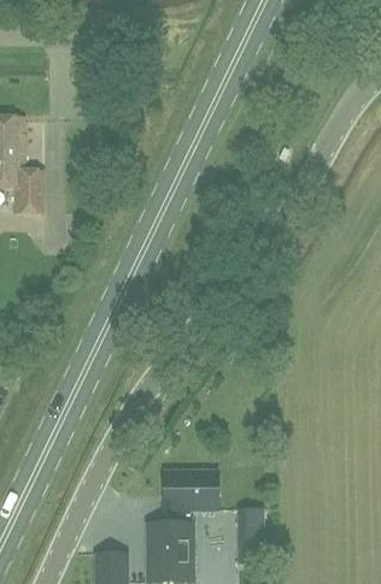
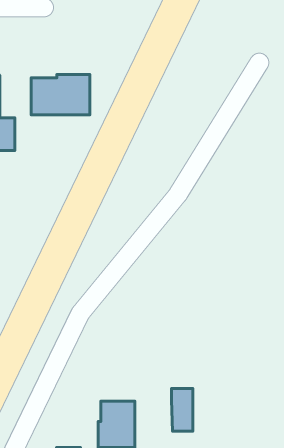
building: none -> [31,75,90,115]
building: [164,470,215,523] -> none

